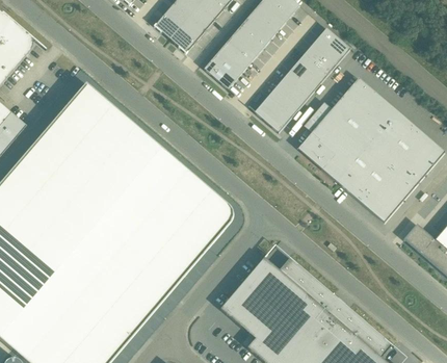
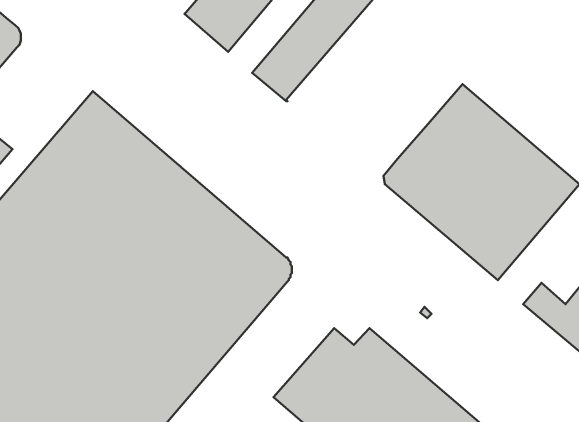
building: [253,27,350,132] -> none

